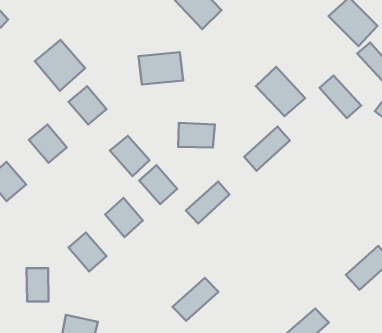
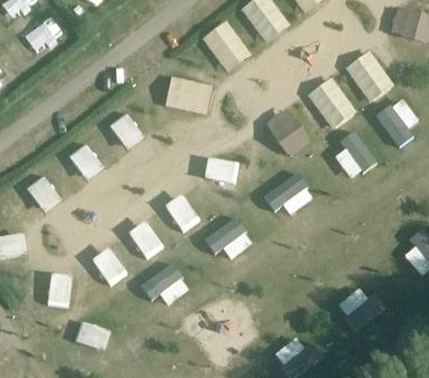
building: none -> [316,88,360,134]
building: [35,40,85,91] -> none
building: [110,136,150,176] -> none
building: [173,278,219,321] -> [138,262,182,299]

